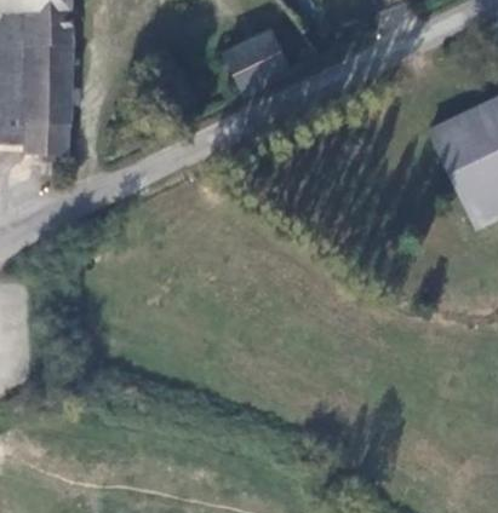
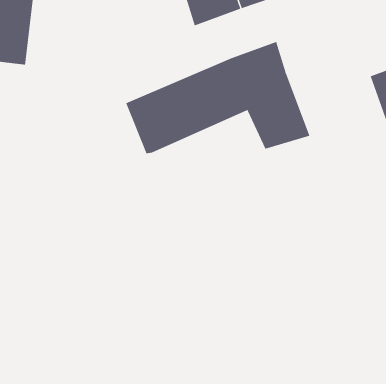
building: none -> [126,41,310,154]

